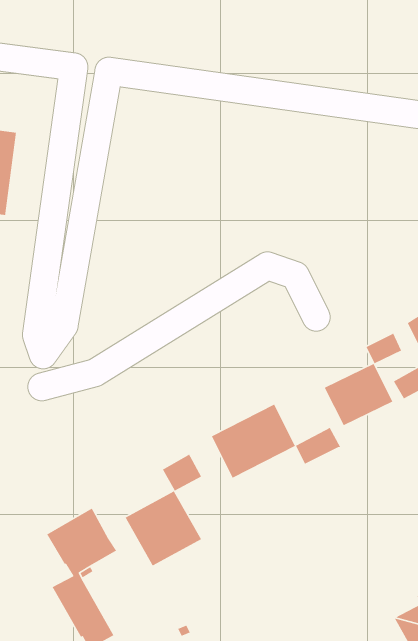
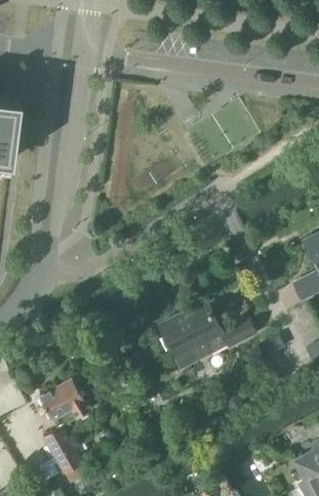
building: [323,332,402,427] -> none
building: [124,452,202,567] -> none

